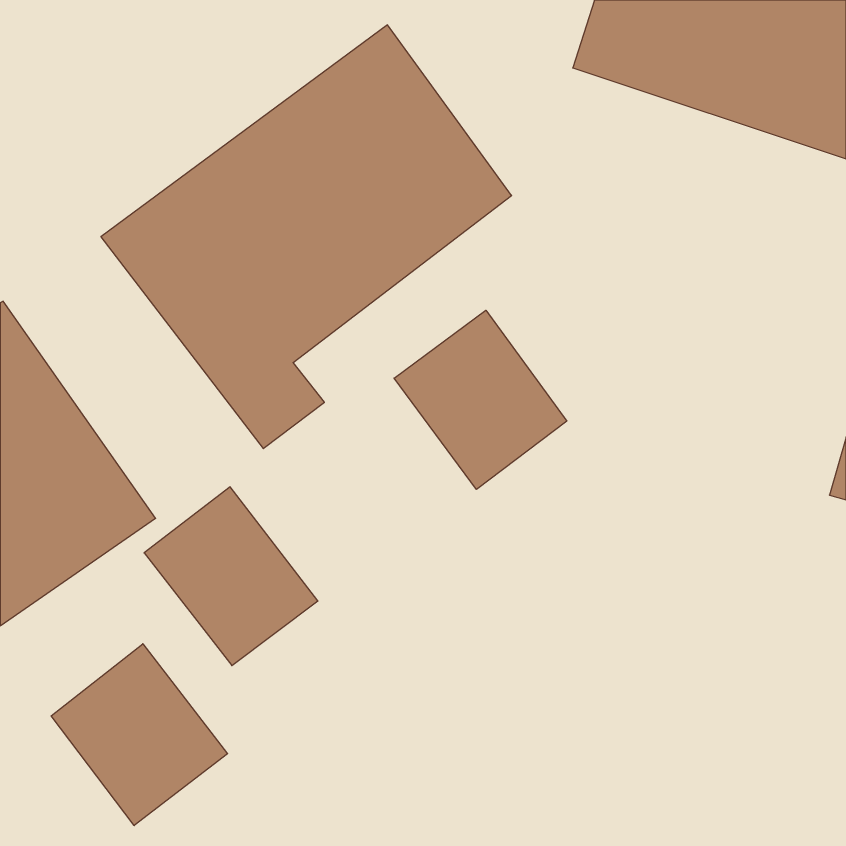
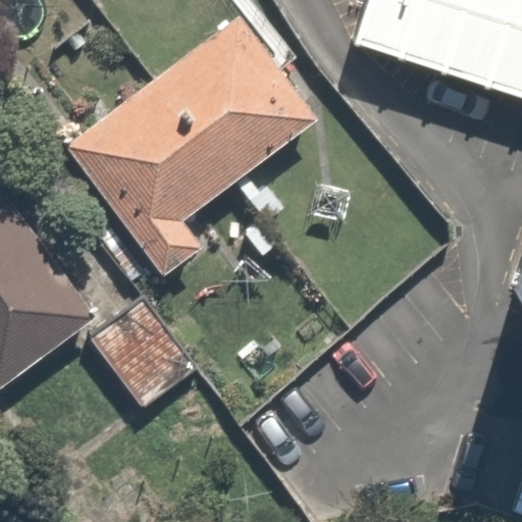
building: [394,310,567,489] -> none
building: [51,644,228,826] -> none

